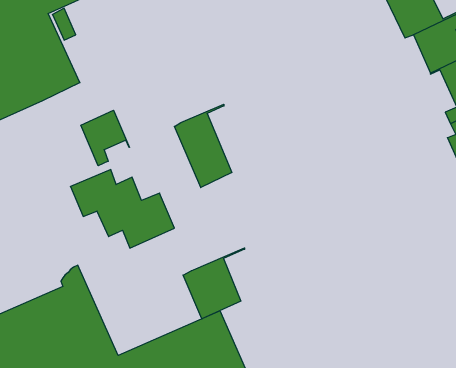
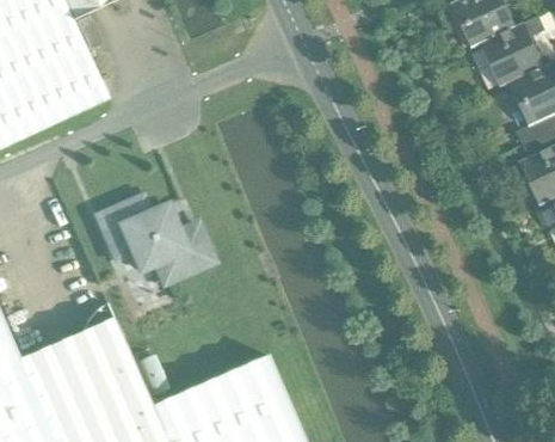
building: [174,104,232,188] -> none
building: [81,110,129,166] -> none
building: [183,248,245,319] -> none

